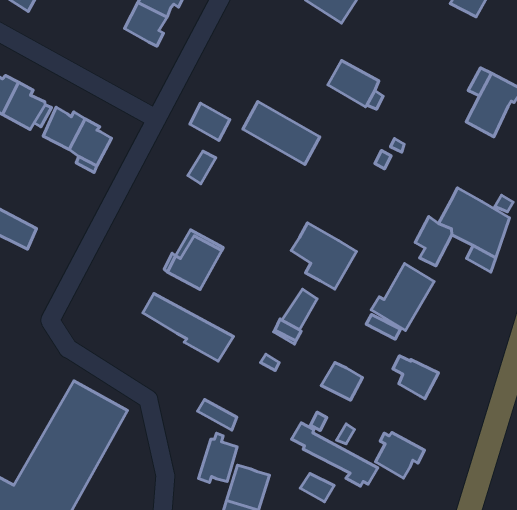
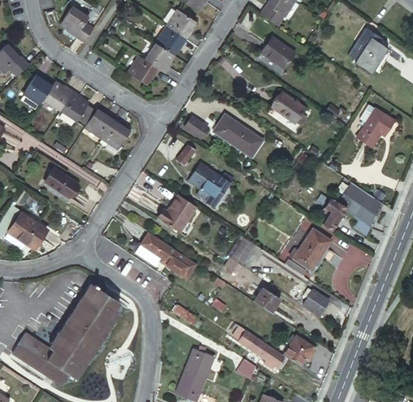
building: none -> [129,58,159,86]
building: [291,223,357,289] -> [189,162,231,206]
building: [198,433,237,482] -> none

